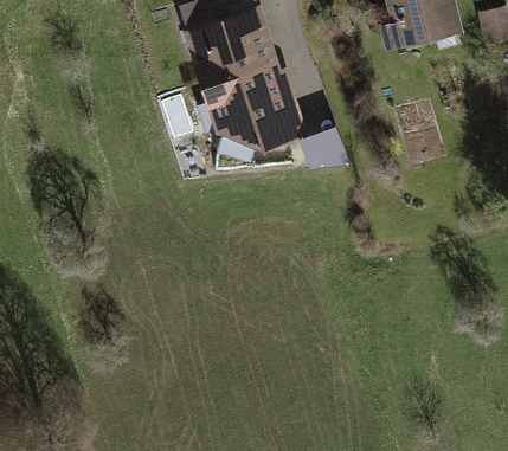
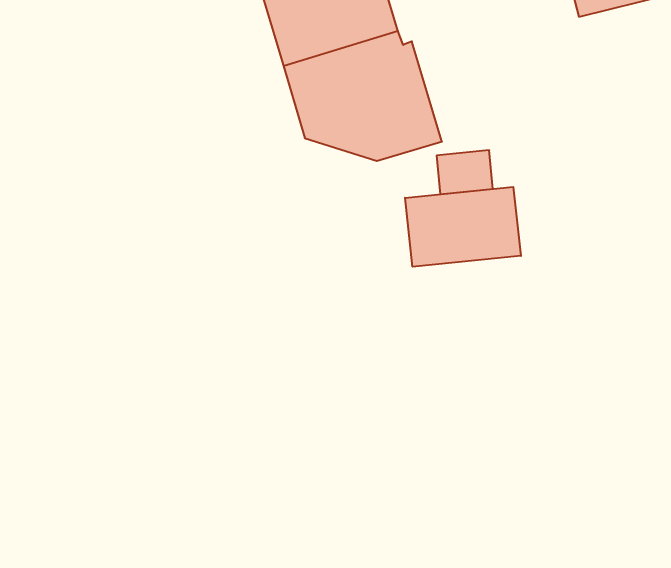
building: none -> [405,187,521,267]

